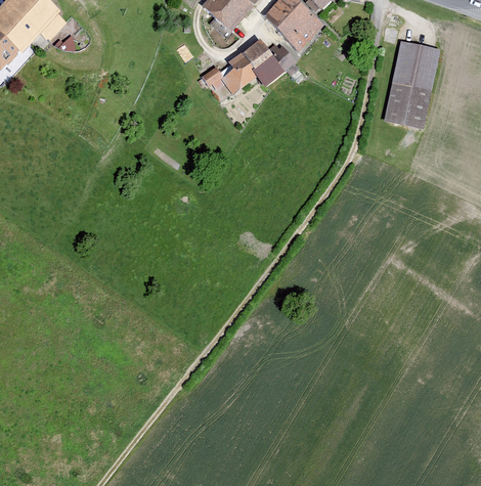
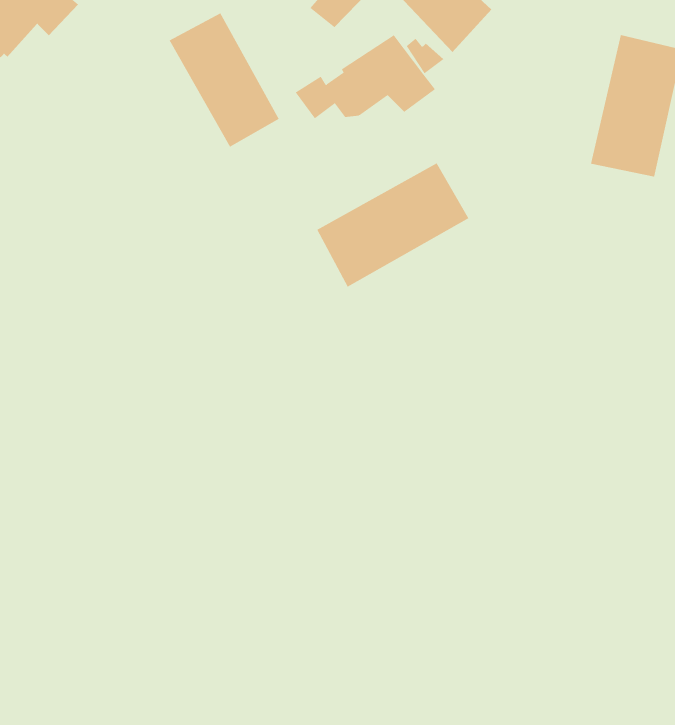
building: none -> [169,13,280,148]
building: none -> [317,162,469,287]

